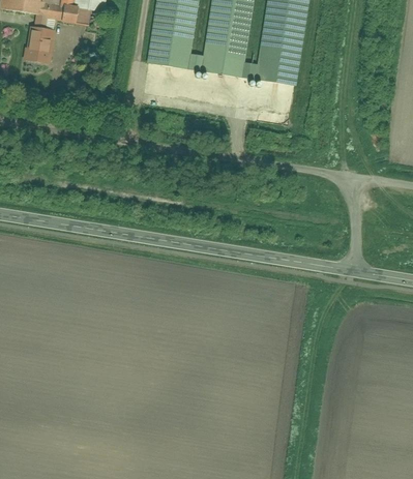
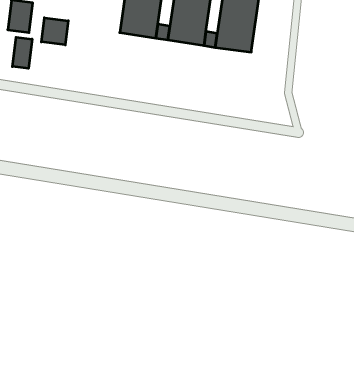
building: none -> [41,18,68,45]
building: none -> [12,37,32,68]

